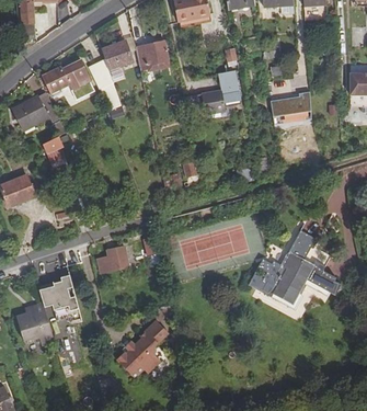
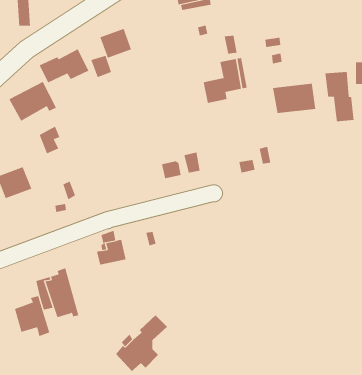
building: [136,39,169,70] -> none
building: none -> [325,71,354,122]
building: [248,230,340,308] -> none

